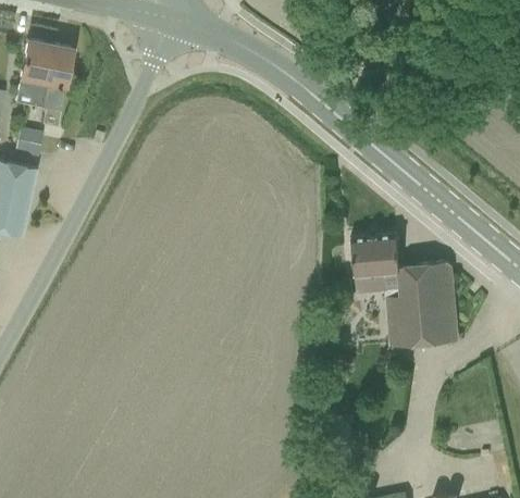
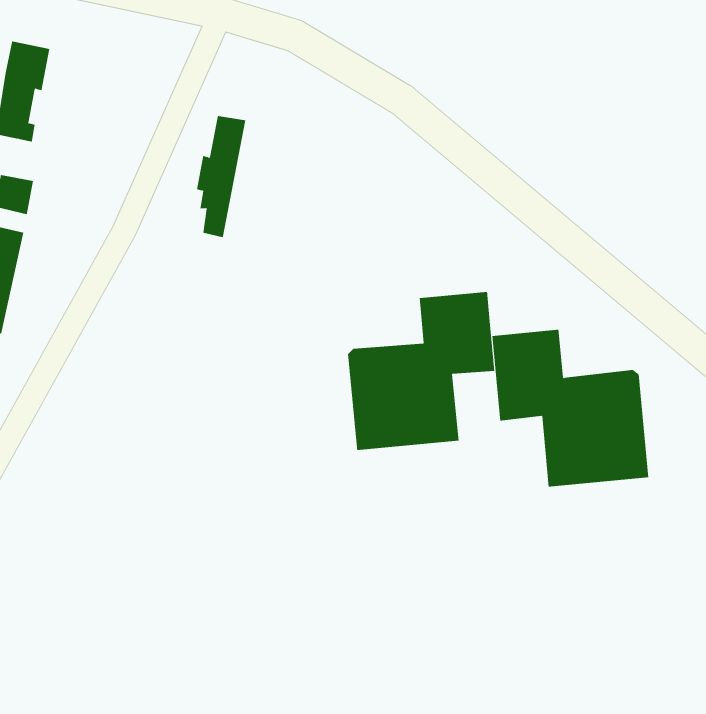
building: [39,43,73,126] -> [196,115,246,238]
building: none -> [348,291,495,451]

